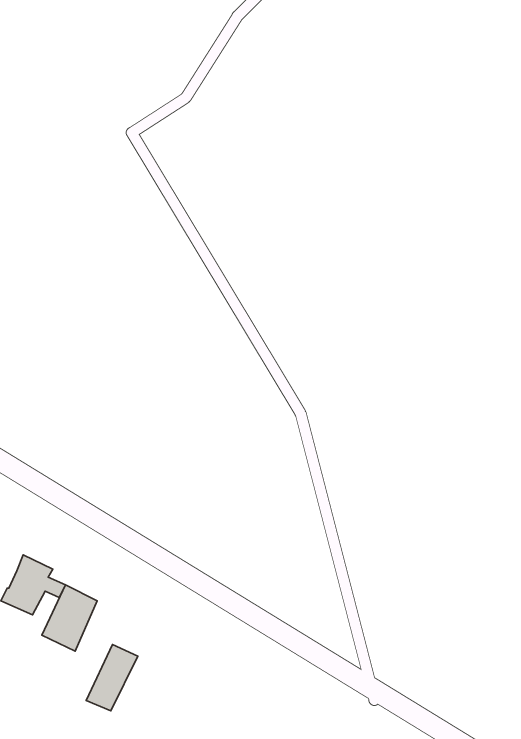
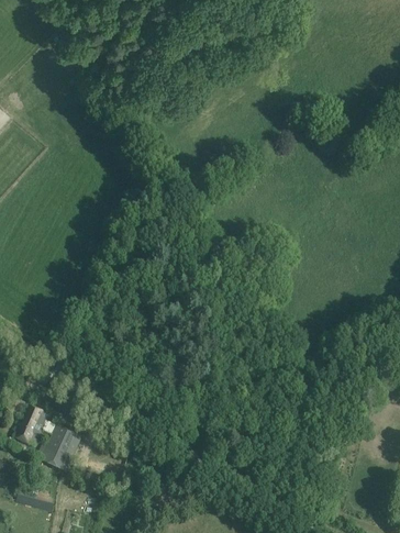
building: [86,644,138,711] -> none

